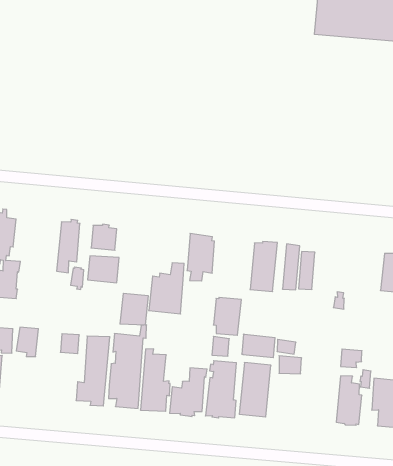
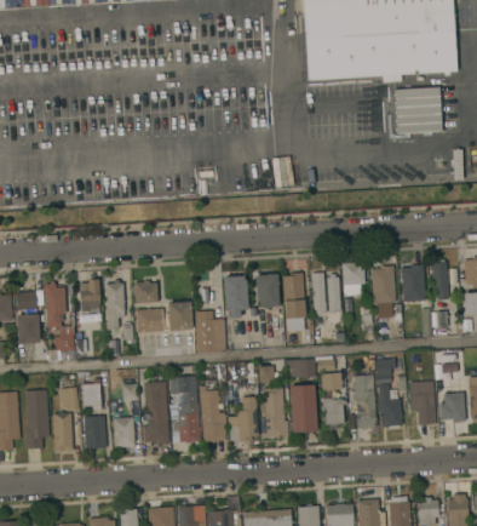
building: none -> [79,279,99,309]
building: none -> [341,262,364,296]
building: none -> [370,265,395,303]
building: [120,293,148,325] -> [167,302,191,331]
building: [213,297,241,335] -> [254,274,278,308]
building: none -> [354,375,375,429]
building: none -> [82,414,107,448]
building: none -> [113,417,134,447]
building: none -> [322,398,345,429]

